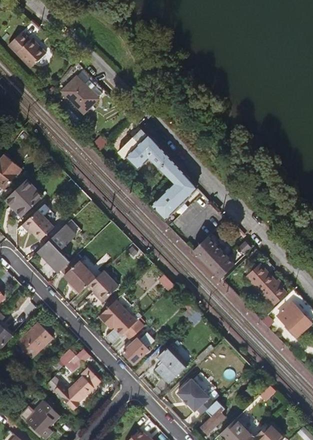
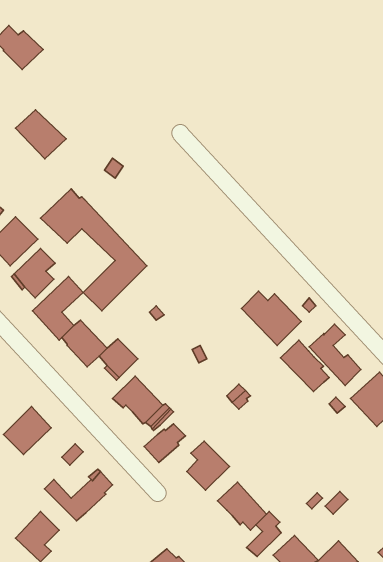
building: [61,76,99,113] -> [16,110,66,159]
building: [118,128,198,220] -> [41,189,147,311]
building: none -> [281,340,329,391]

